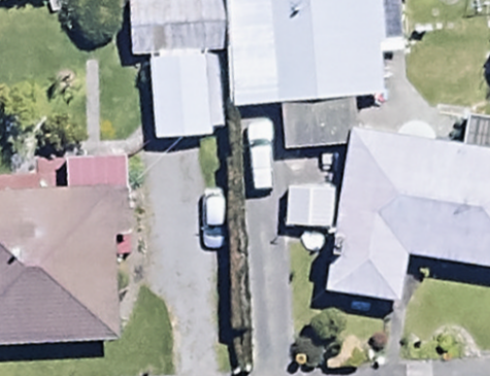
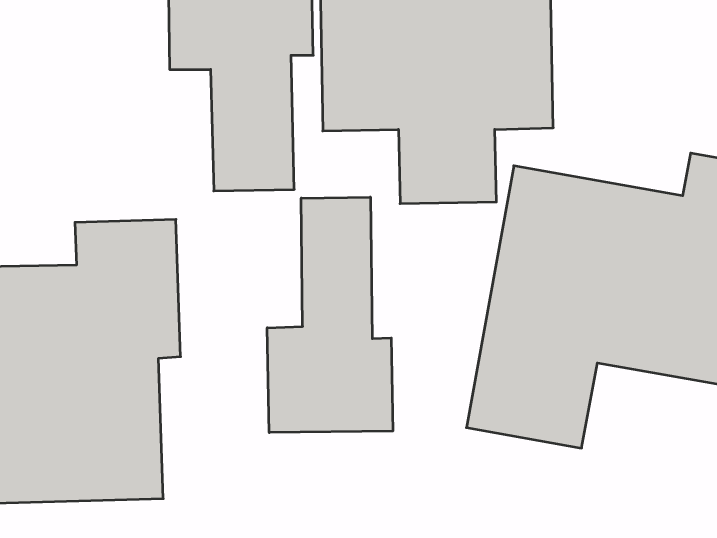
building: none -> [267,197,393,433]

